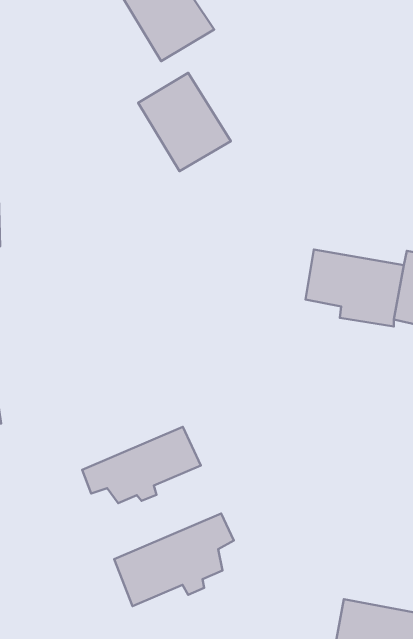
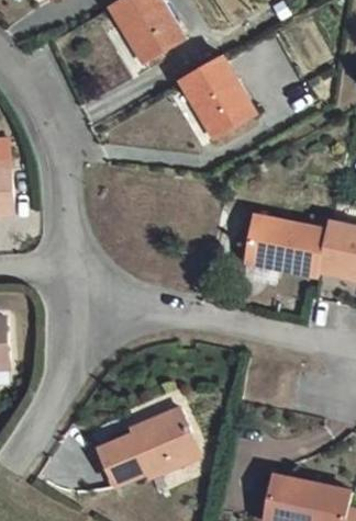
building: [138,73,231,171] -> [177,55,248,131]
building: [82,427,201,503] -> none

